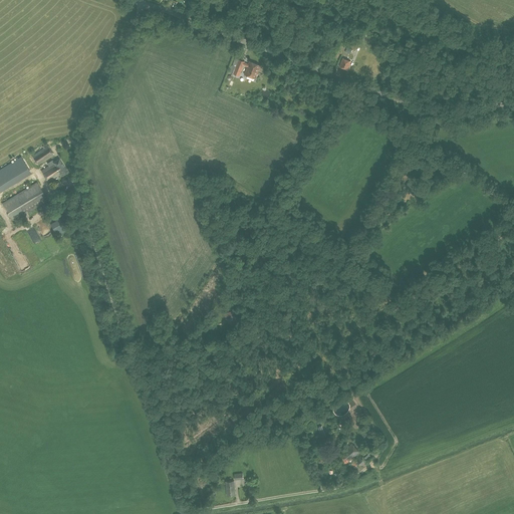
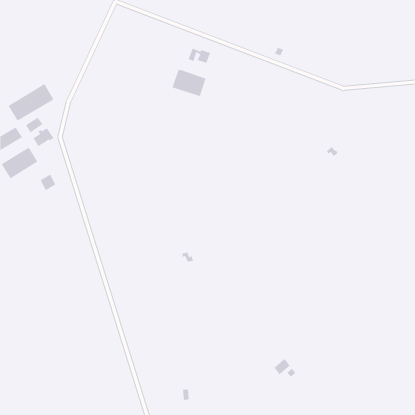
building: none -> [172,69,206,97]
building: none -> [8,83,54,121]

